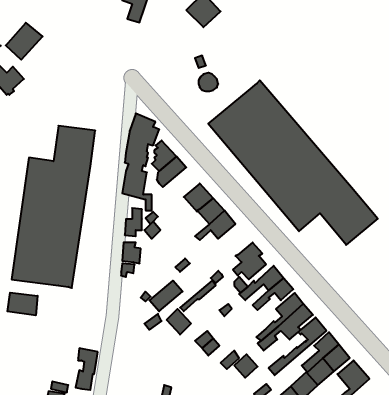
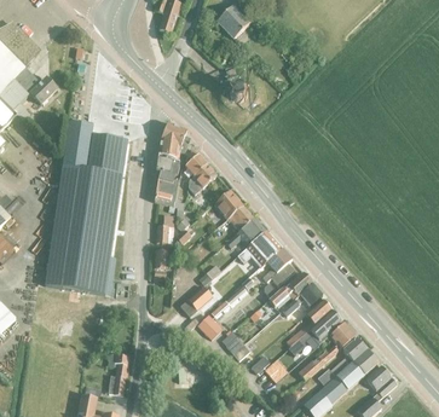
building: [6,23,43,60] -> none
building: [208,80,378,245] -> none
building: none -> [62,122,92,169]
building: none -> [236,231,282,268]
building: [7,293,38,315] -> none

